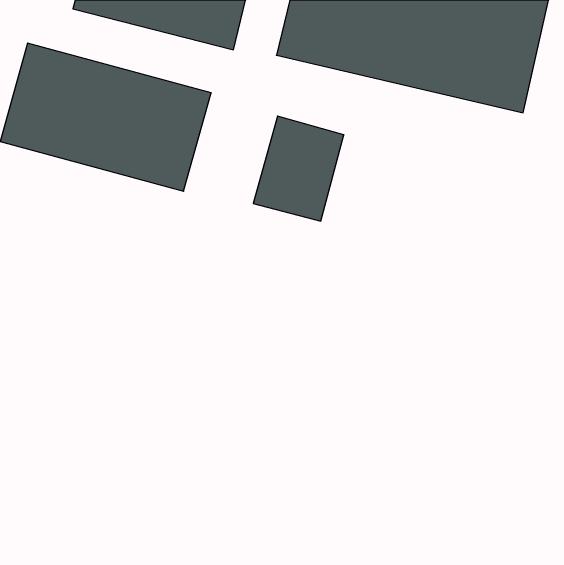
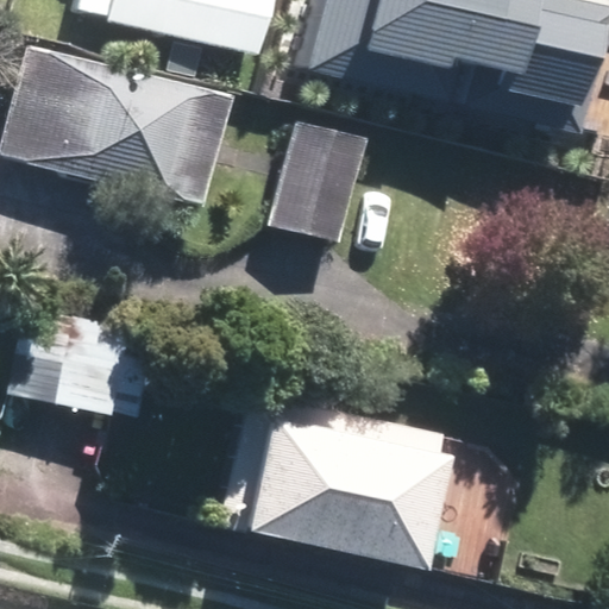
building: none -> [12,309,134,412]
building: none -> [252,417,452,559]

